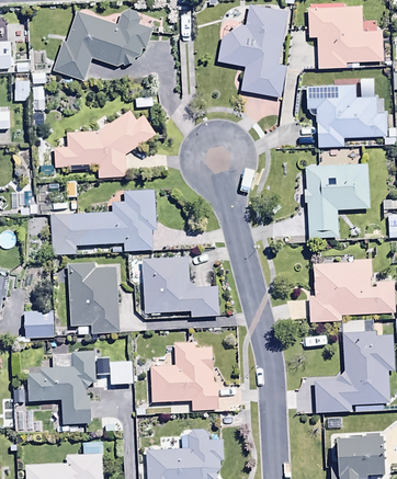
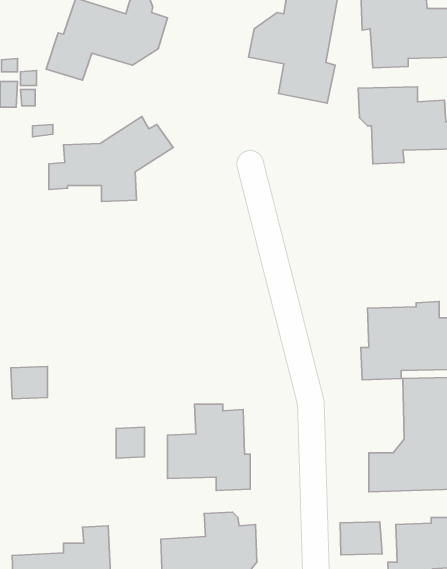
building: [304,162,371,238] -> none
building: [54,189,155,251] -> none
building: [143,258,219,317] -> none
building: [68,262,120,333] -> none
building: [27,351,95,424] -> none
building: none -> [340,522,382,555]

